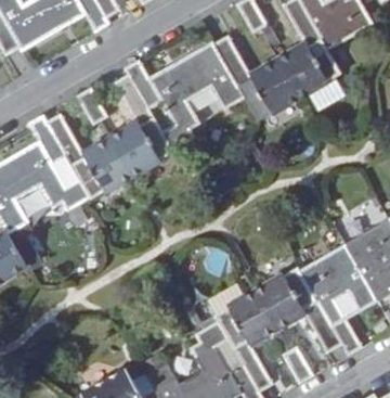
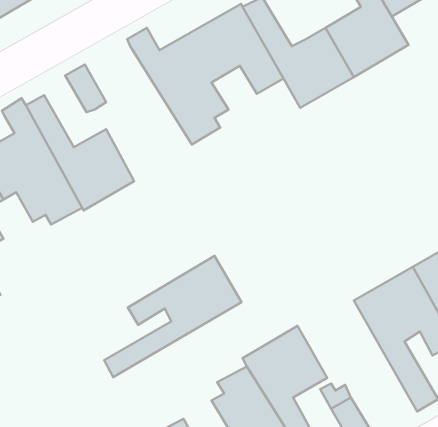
building: [108,74,175,178] -> none
building: none -> [104,256,241,377]
building: [256,266,348,356] -> none

